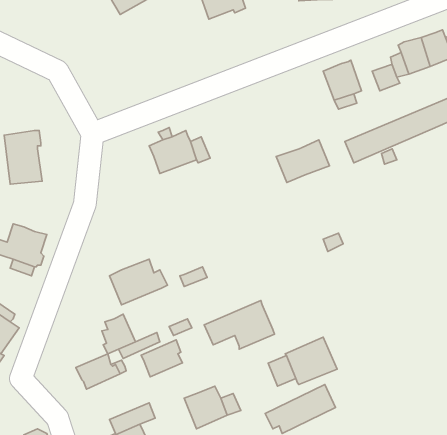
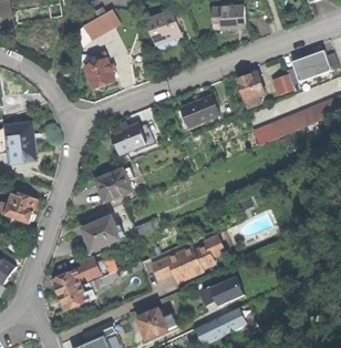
building: none -> [84,52,114,89]
building: [276,140,330,183] -> [180,95,219,126]
building: none -> [95,167,133,202]
building: none -> [193,235,224,267]
building: [141,340,182,377] -> [51,268,81,295]

